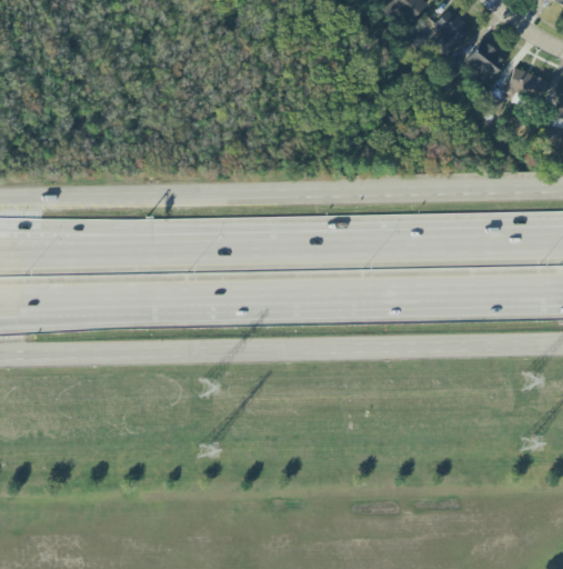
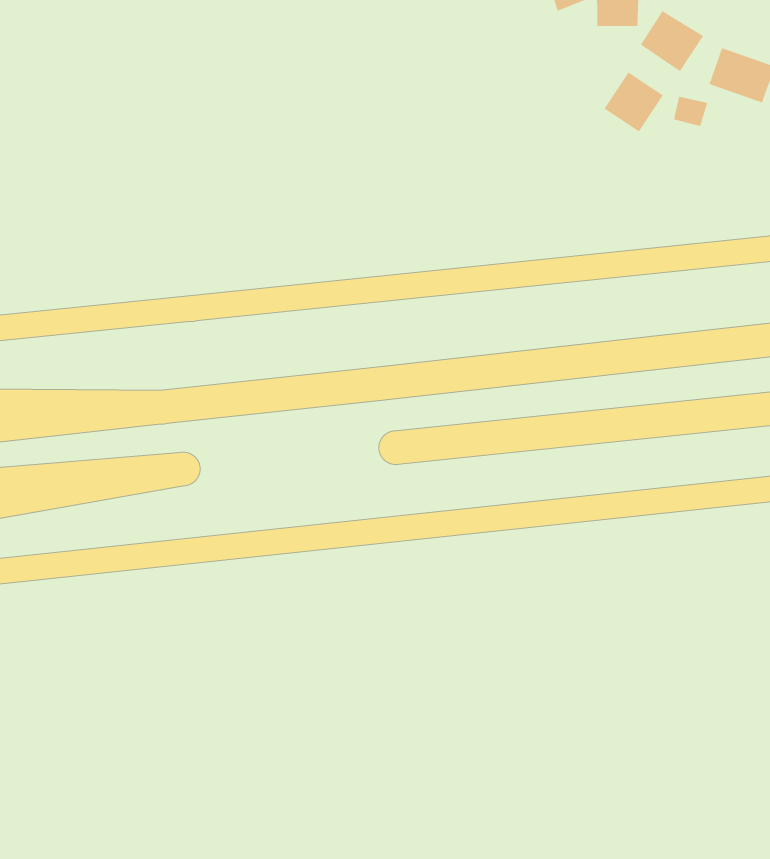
building: none -> [603,72,664,133]

